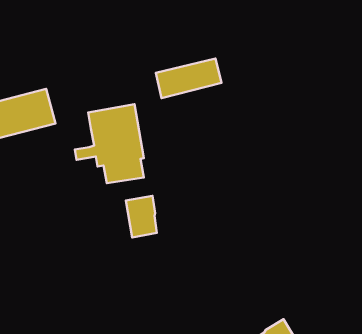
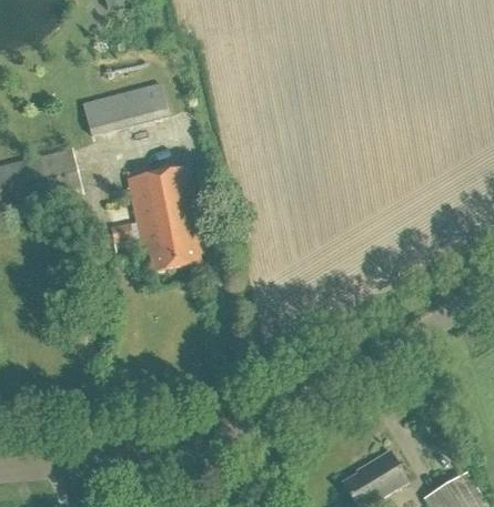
building: [156,58,221,98] -> [85,82,172,134]
building: [126,196,157,237] -> none

